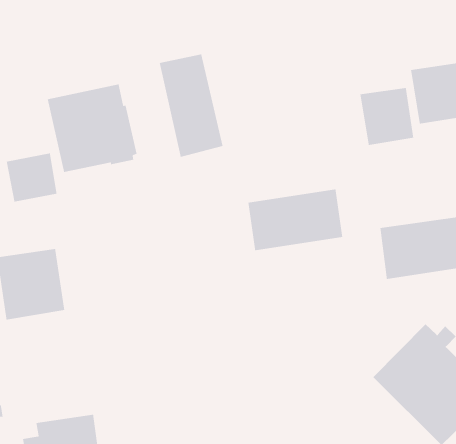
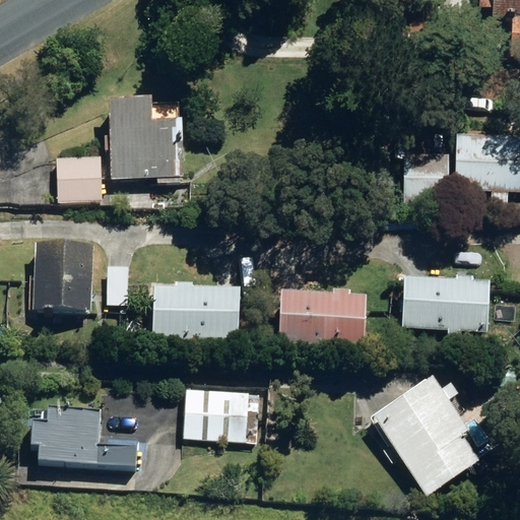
building: [159,54,224,158] -> none
building: [247,188,343,251] -> [278,294,366,342]
building: none -> [152,287,238,338]
building: none -> [184,384,258,435]

